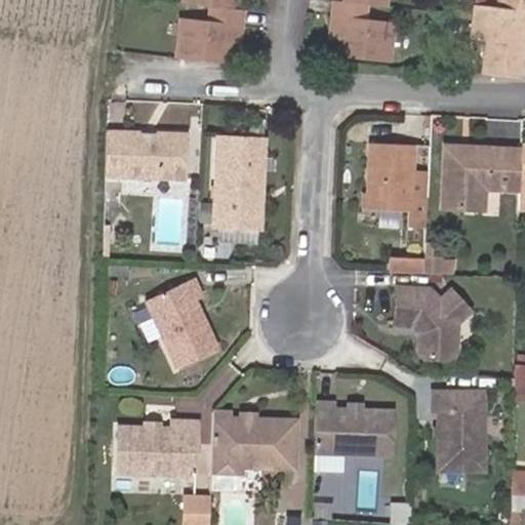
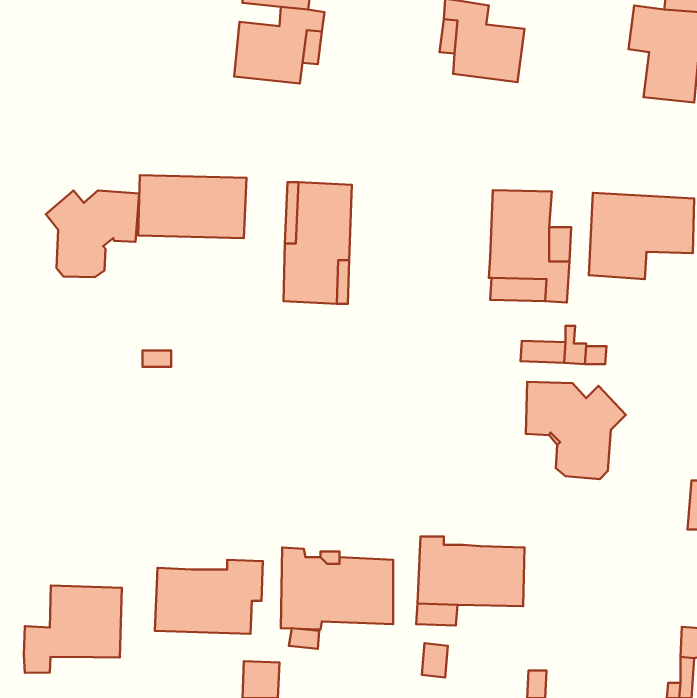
building: none -> [46,190,139,277]
building: [147,277,218,366] -> none
building: [433,390,485,470] -> none
building: none -> [24,585,122,673]

